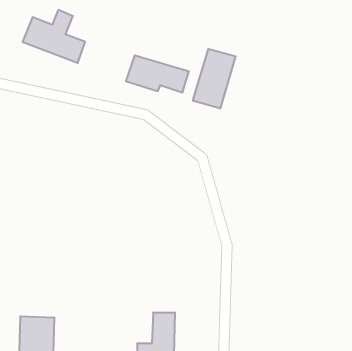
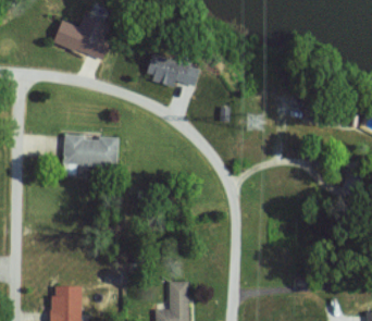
building: [193,49,236,109] -> none
building: none -> [62,136,117,165]

